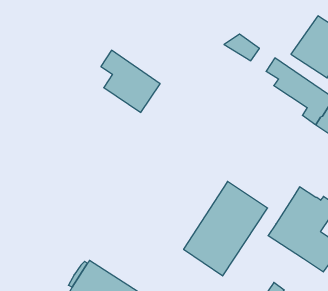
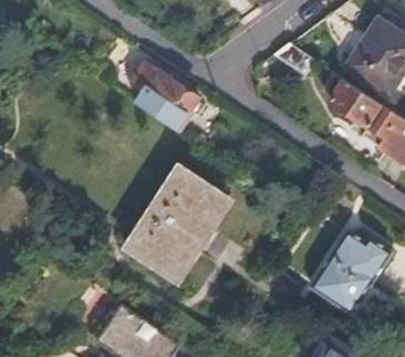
building: [184,181,268,276] -> [128,171,226,280]

